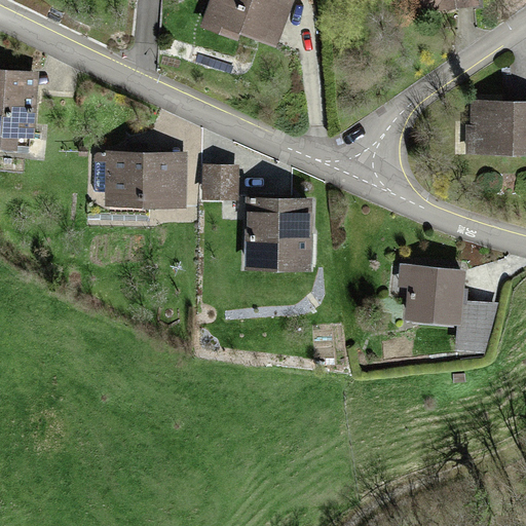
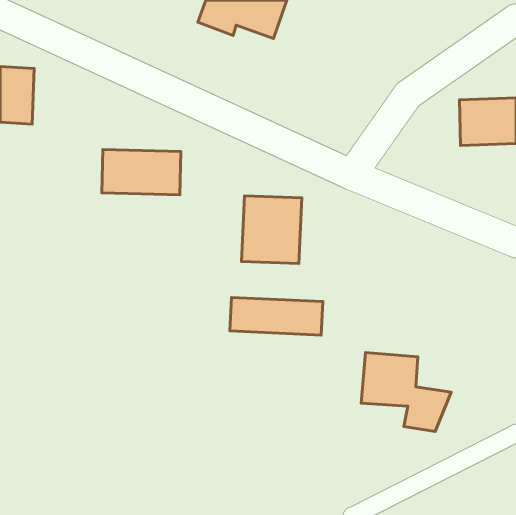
building: [199,166,238,196] -> none
building: [406,267,497,347] -> [361,353,451,431]
building: none -> [230,297,323,335]

